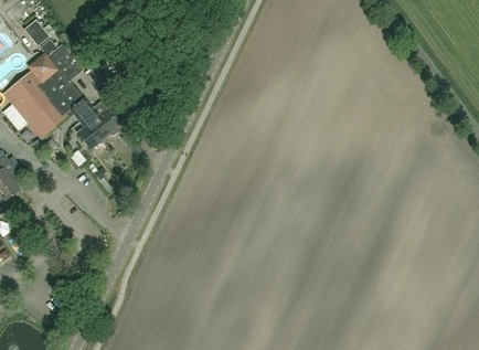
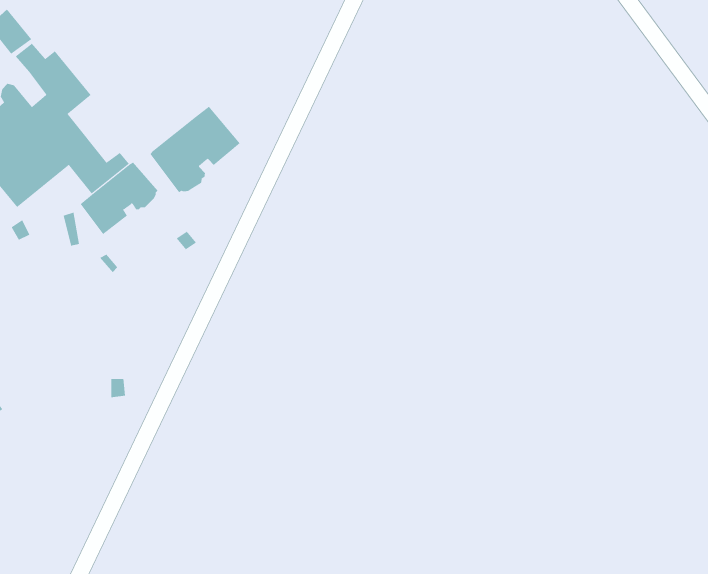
building: none -> [150,106,241,193]

